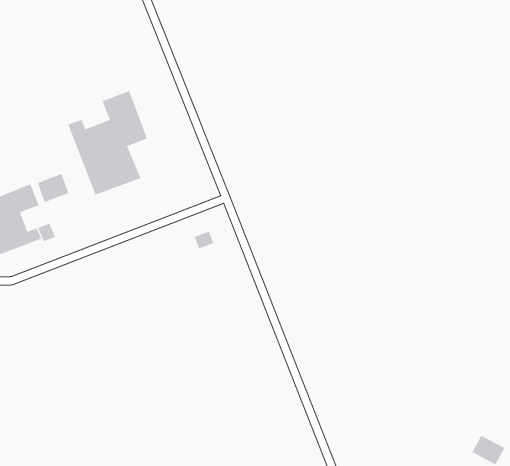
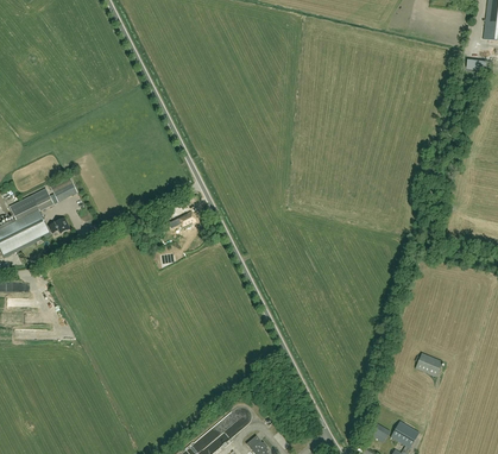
building: [67,90,147,196] -> none

